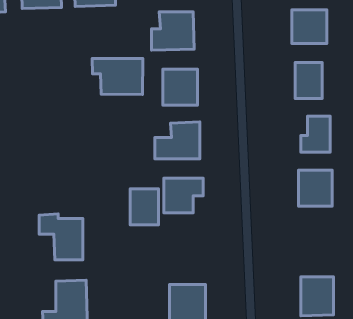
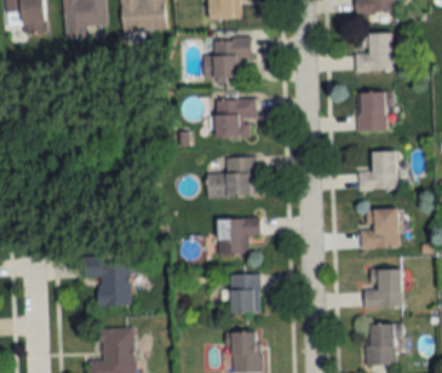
building: [92,59,143,94] -> none
building: [130,189,158,225] -> [229,274,259,312]
building: none -> [364,268,402,308]

